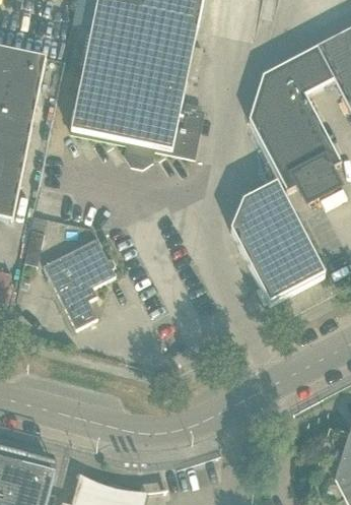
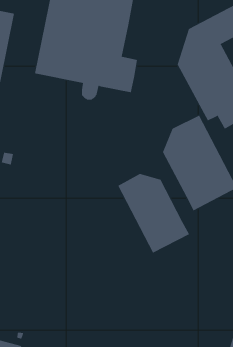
building: [43,236,116,326] -> none
building: none -> [118,173,190,253]

